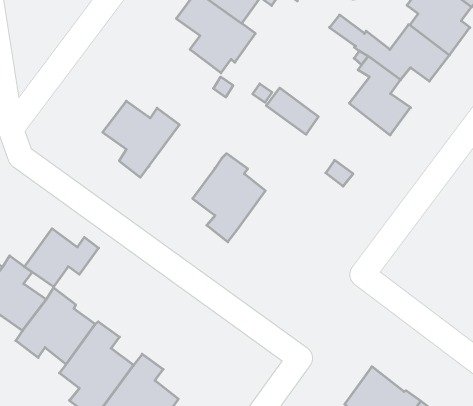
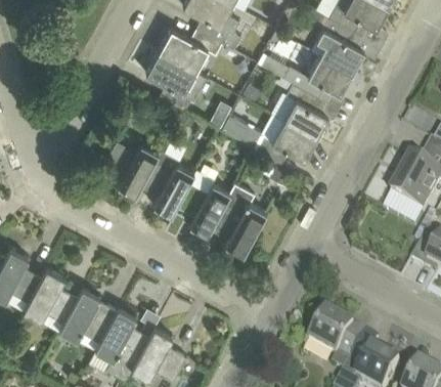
building: none -> [254,118,315,162]
building: none -> [139,147,192,214]
building: none -> [211,182,265,253]
building: [24,229,99,287] -> none

